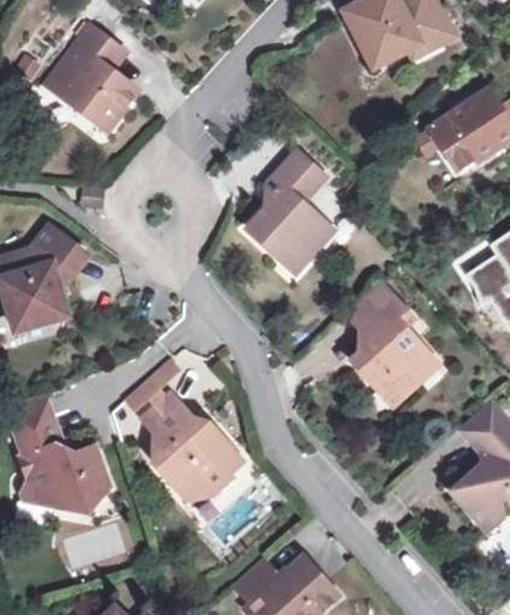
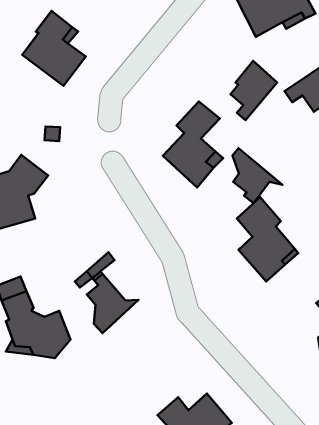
building: none -> [230,61,277,120]
building: none -> [232,148,283,203]
building: [161,428,241,501] -> none

